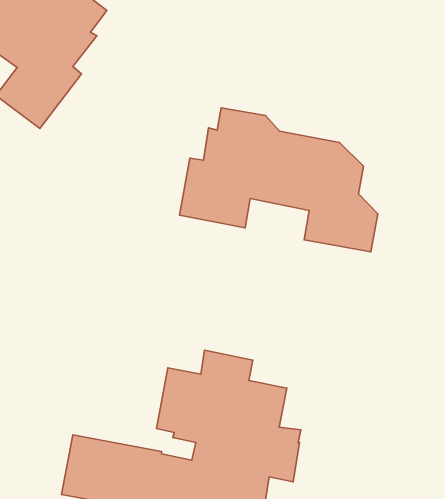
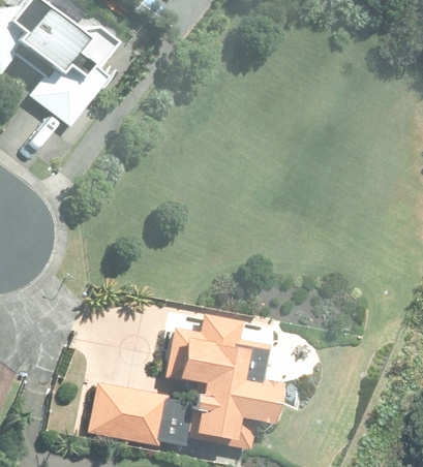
building: [180,108,378,252] -> none

